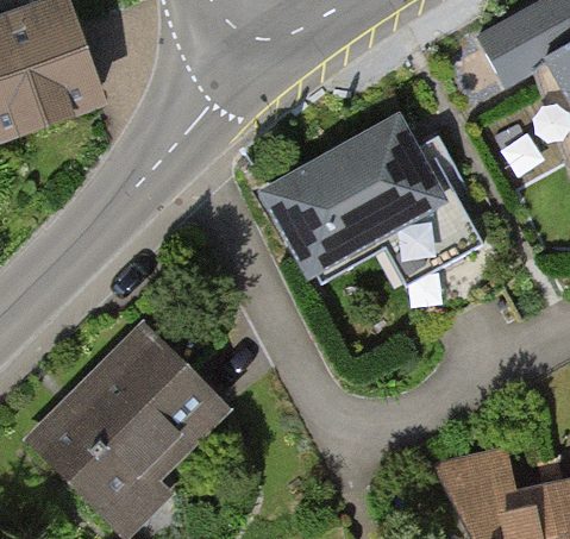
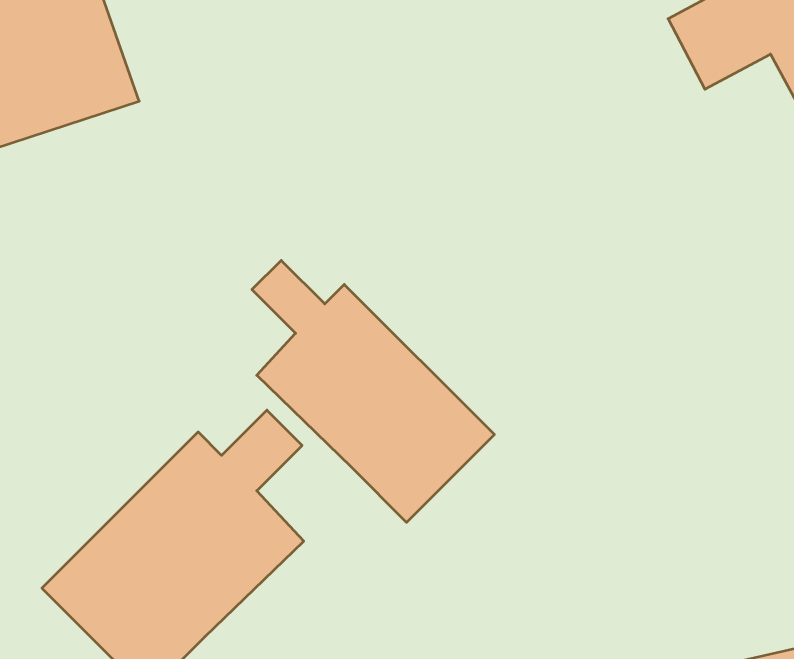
building: [267,139,486,275] -> none
building: none -> [252,260,494,522]

